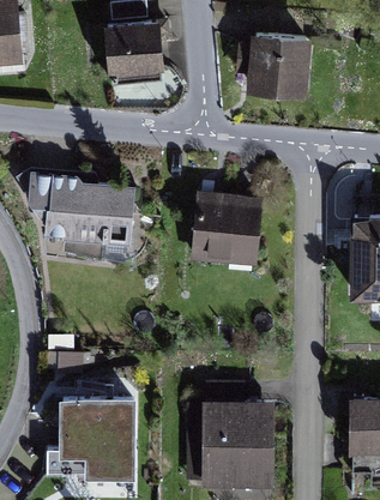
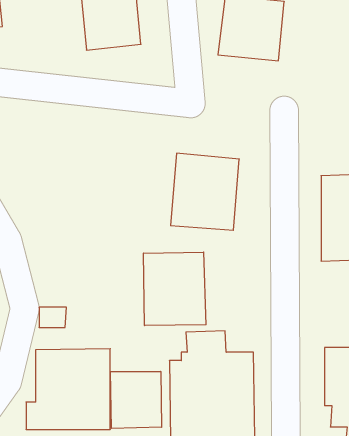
building: [29,169,139,243] -> none
building: none -> [144,252,206,326]
building: none -> [111,371,162,428]

